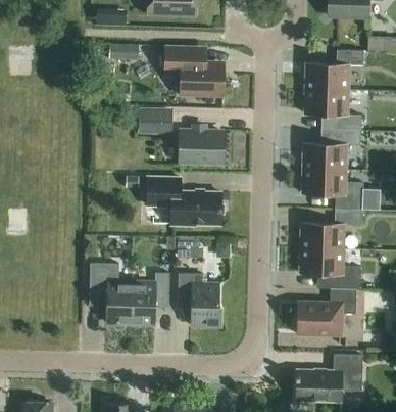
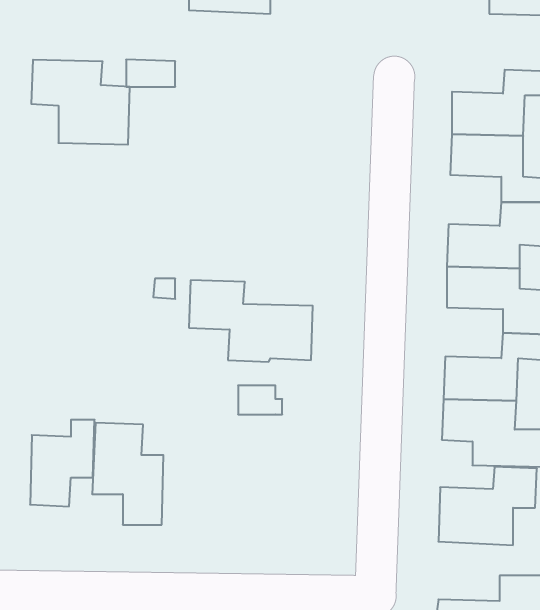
building: [164,46,224,97] -> [31,60,130,145]
building: [139,108,172,135] -> none
building: [181,131,222,163] -> none
building: [131,273,169,325] -> [30,420,95,506]
building: [178,274,220,326] -> none

